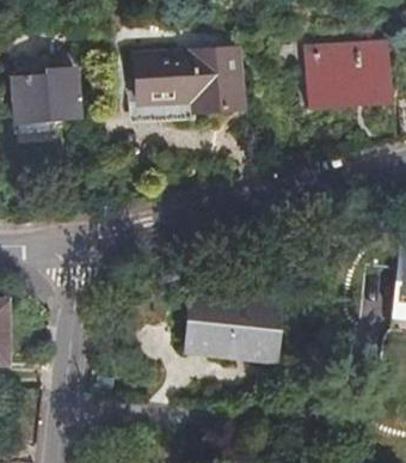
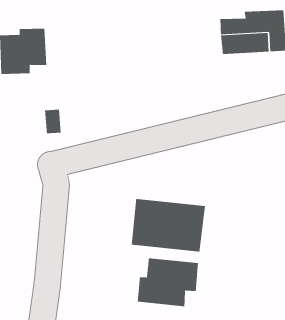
building: [136,54,242,117] -> none
building: none -> [137,257,198,307]

